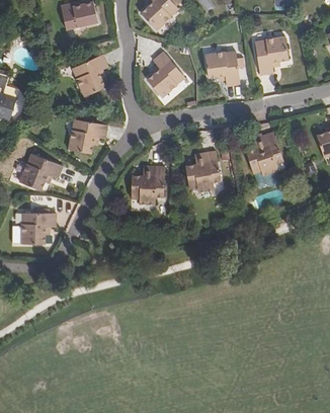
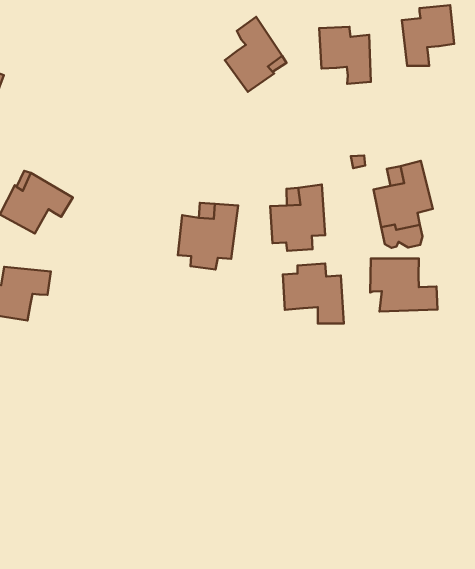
building: [74,54,106,93] -> none
building: [69,120,108,153] -> none
building: none -> [370,258,437,311]
building: none -> [283,264,344,323]

